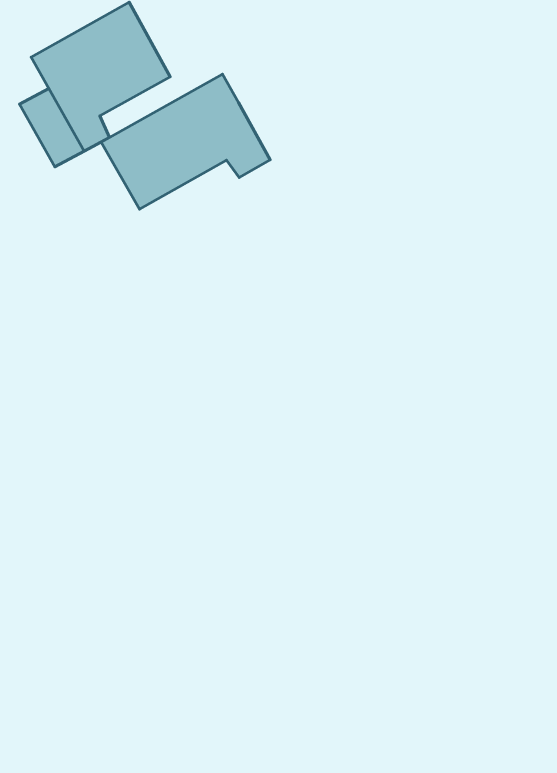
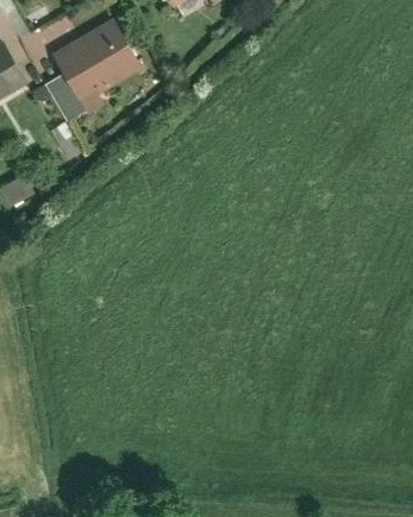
building: [101,74,270,209] -> none

